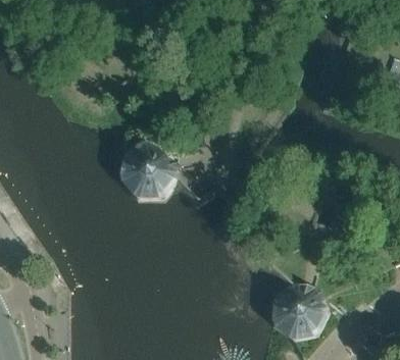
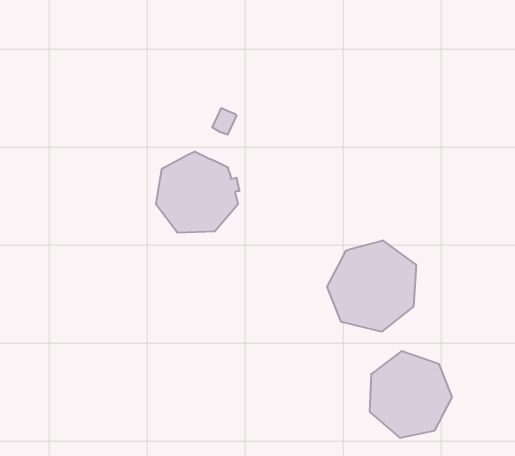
building: none -> [327,240,416,332]

